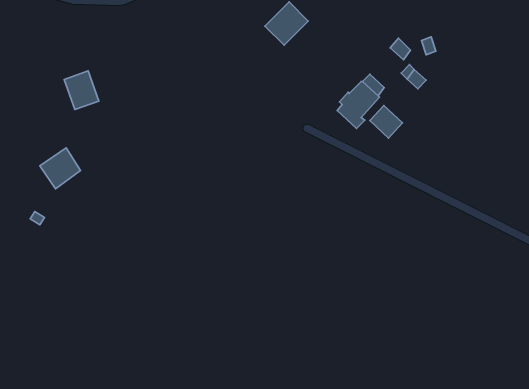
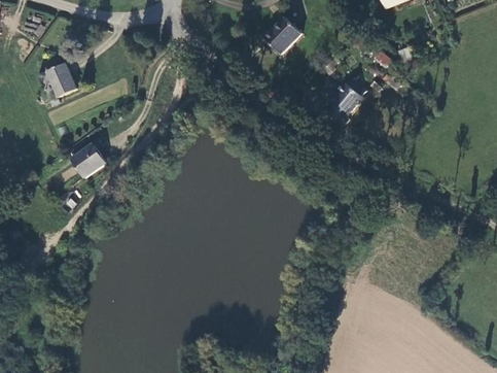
building: [64,71,99,110] -> [46,63,76,96]
building: [370,105,403,138] -> none

